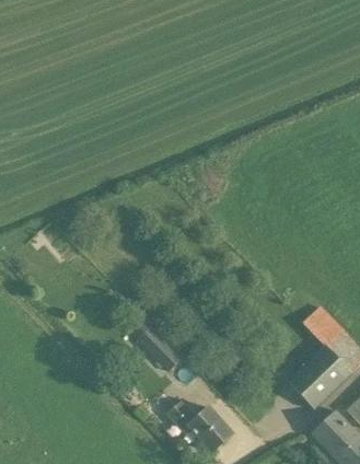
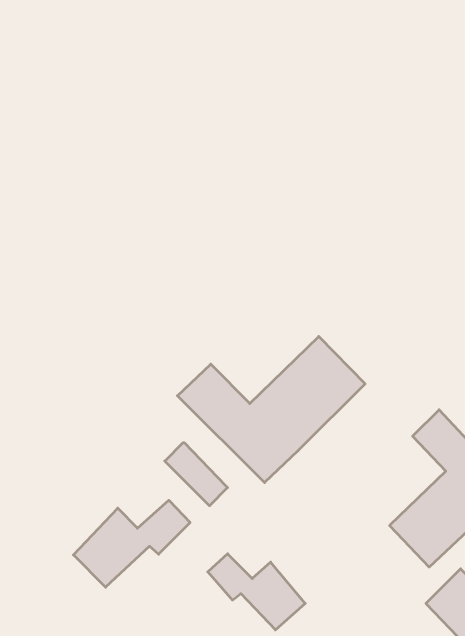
building: none -> [177,336,365,483]
building: none -> [73,500,190,587]

